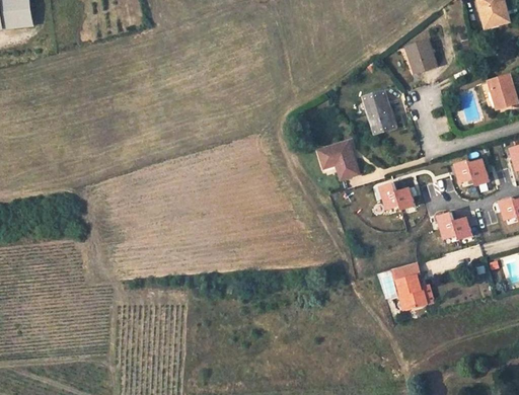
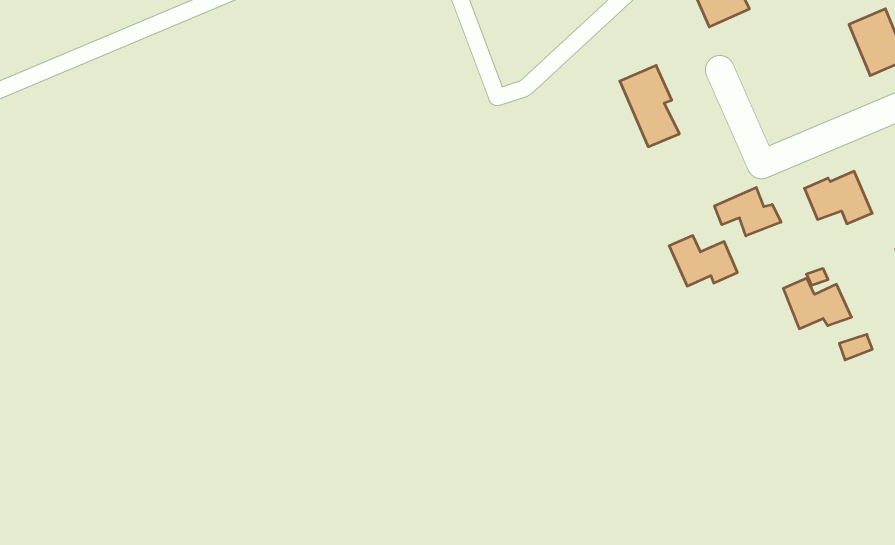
building: [317,141,358,179] -> none
building: none -> [715,187,781,236]
building: [390,262,433,309] -> none

